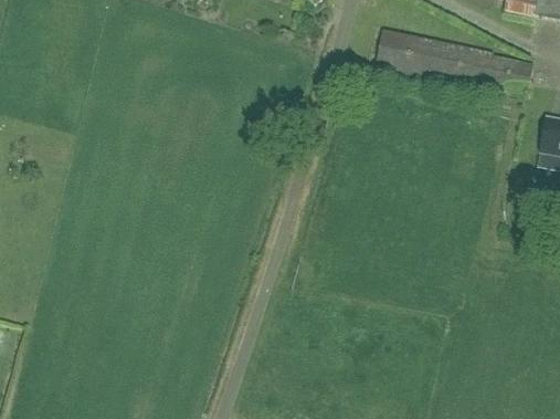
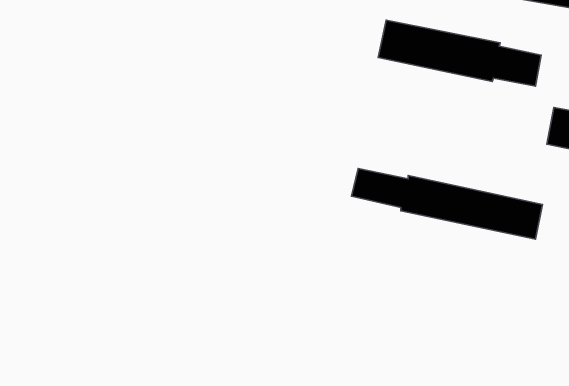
building: none -> [351,168,543,239]

